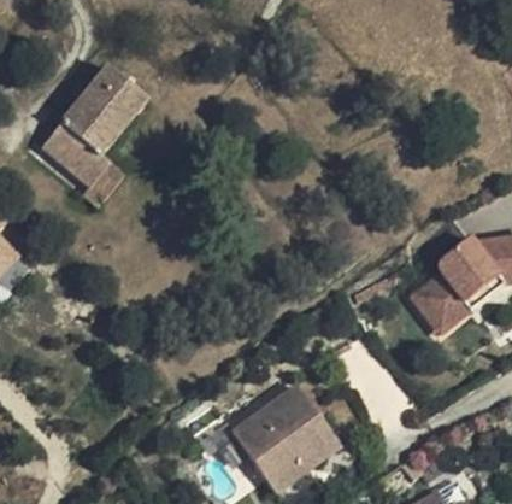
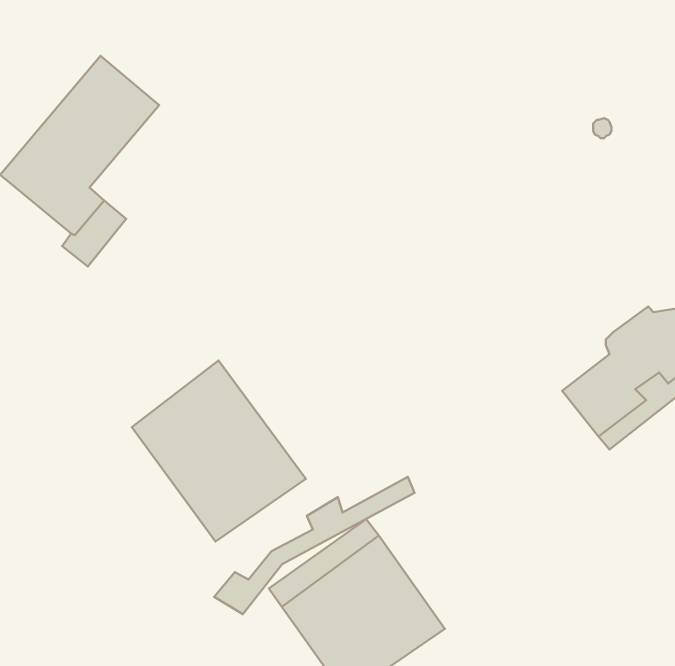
building: none -> [132,361,306,542]
building: none -> [214,477,415,614]

